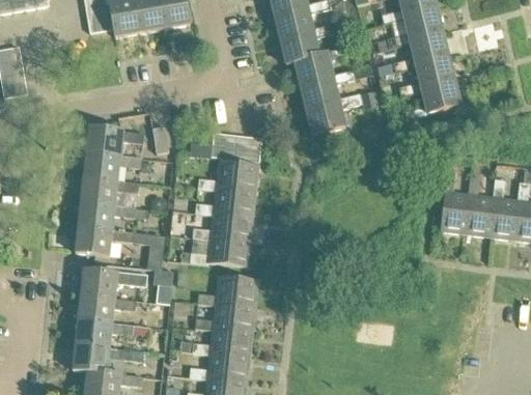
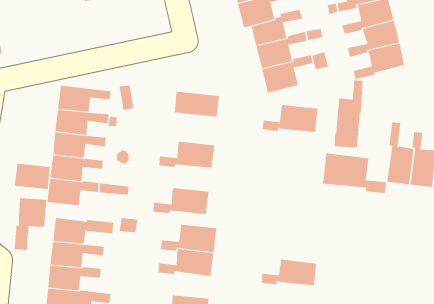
building: none -> [334,79,363,148]
building: [198,162,259,192] -> [262,105,319,133]
building: none -> [323,153,387,194]
building: none -> [14,163,50,190]
building: [192,213,253,242] -> none
building: none -> [14,197,47,251]
building: [192,328,252,357] -> [261,259,317,286]

